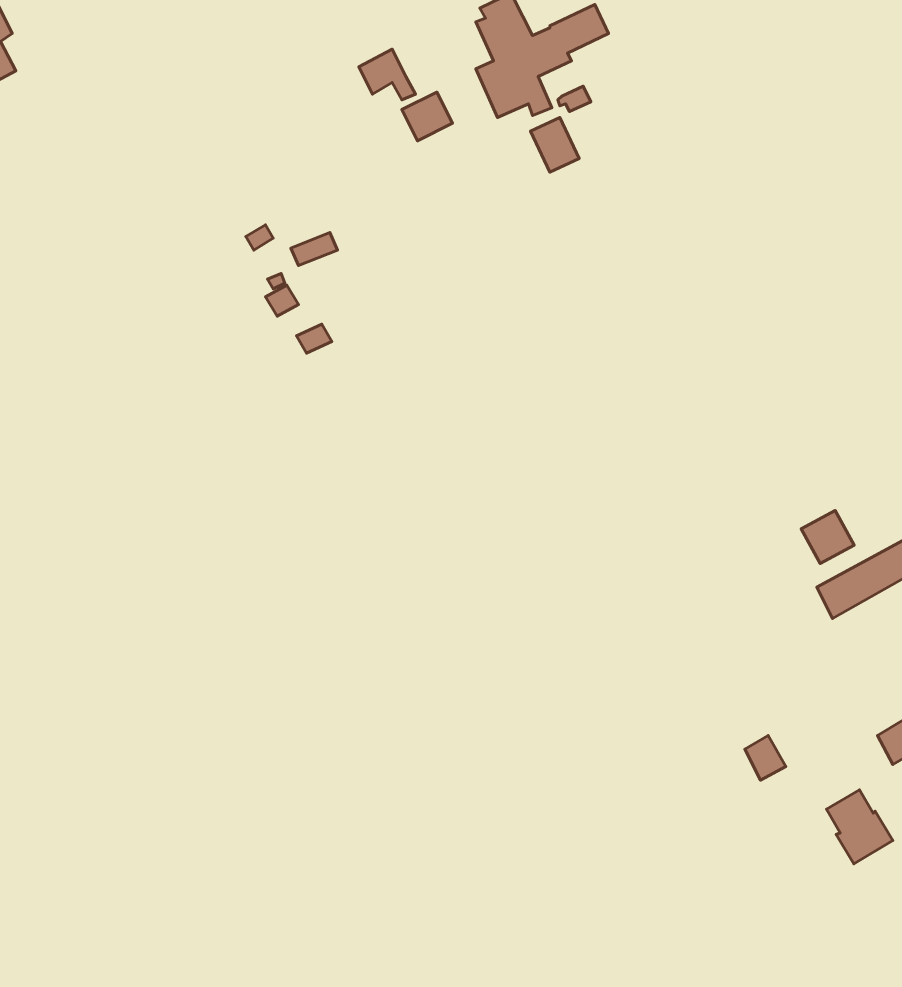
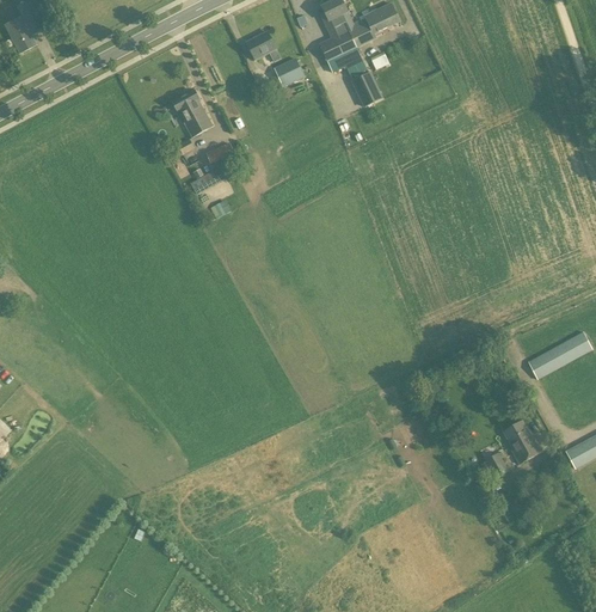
building: none -> [172,90,213,137]
building: [801,510,854,564] -> none
building: [826,790,893,864] -> [503,420,543,465]

